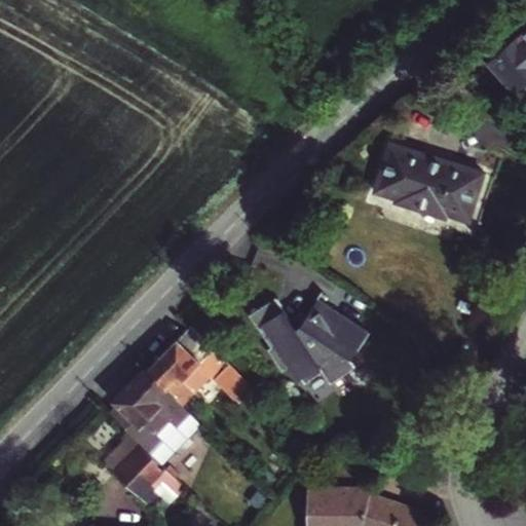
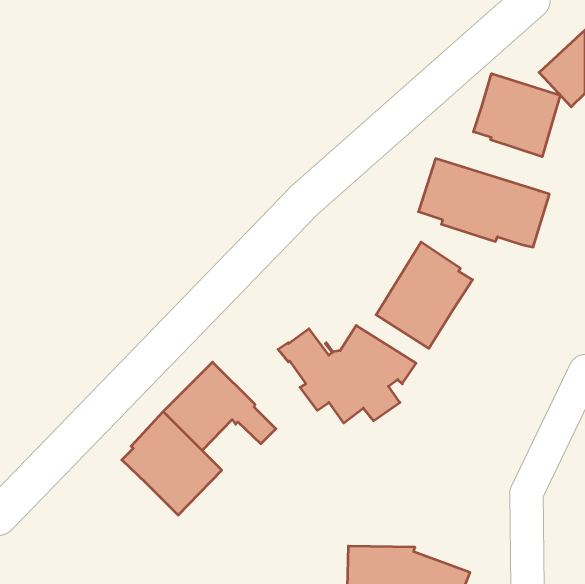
building: none -> [473,74,560,157]
building: none -> [376,242,473,348]
building: [104,435,186,508] -> none

